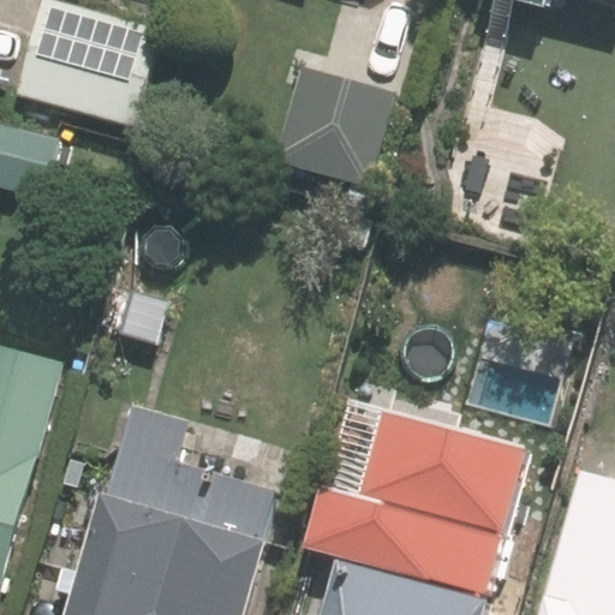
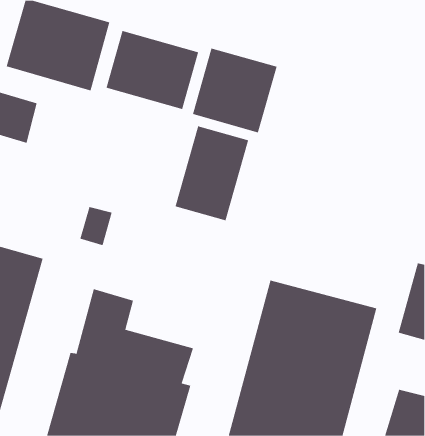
building: none -> [106,30,199,110]
building: none -> [175,126,249,221]

